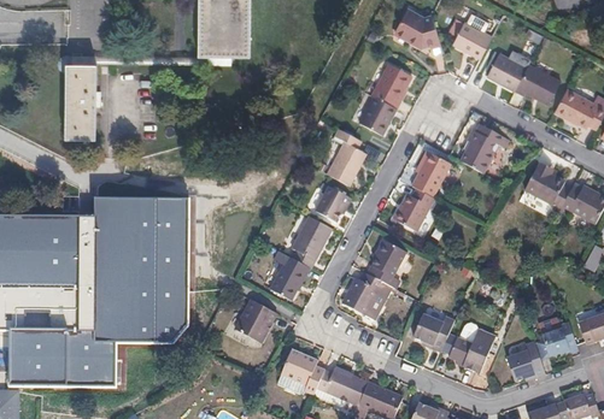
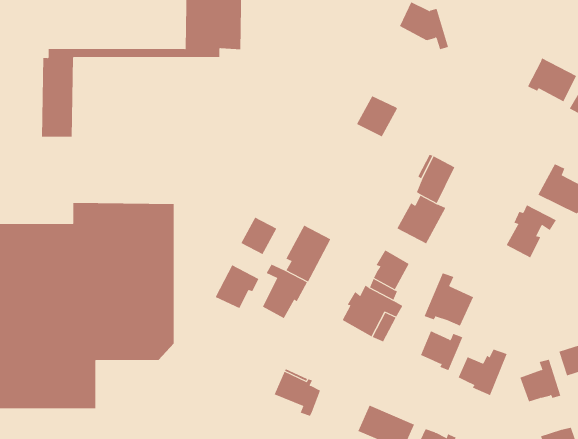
building: [450,20,489,58] -> none
building: [485,52,526,89] -> none
building: [369,65,410,108] -> none
building: [459,124,506,173] -> [506,205,557,258]
building: [326,134,364,187] -> none
building: [313,189,347,224] -> [241,217,277,255]
building: none -> [424,272,474,327]
building: [238,302,278,343] -> [215,264,259,309]
building: [316,370,368,407] -> none

